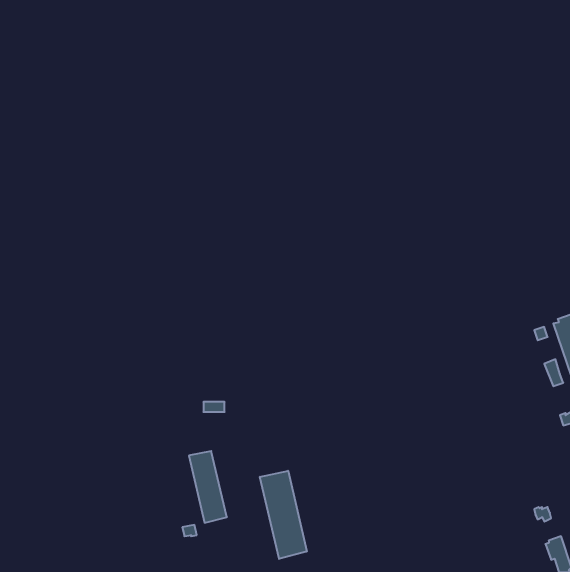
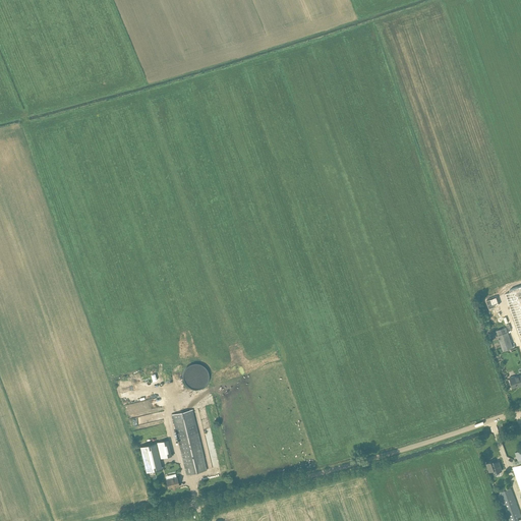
building: [260,471,307,559] -> none
building: none -> [141,440,172,472]

